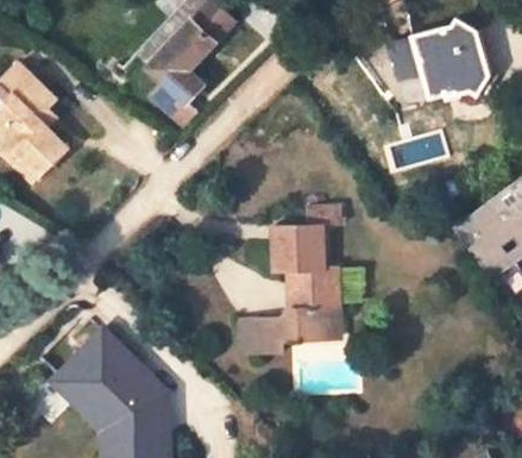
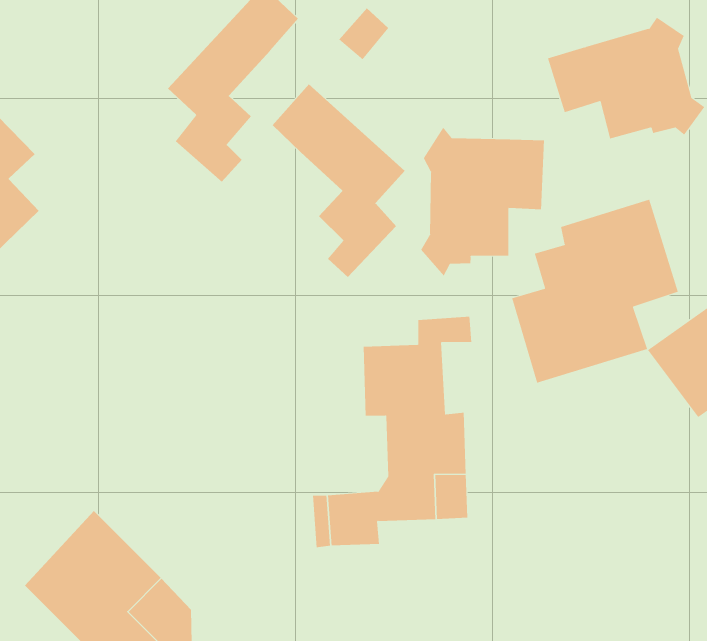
building: none -> [272,84,405,278]
building: none -> [420,127,545,277]
building: none -> [511,199,679,384]

